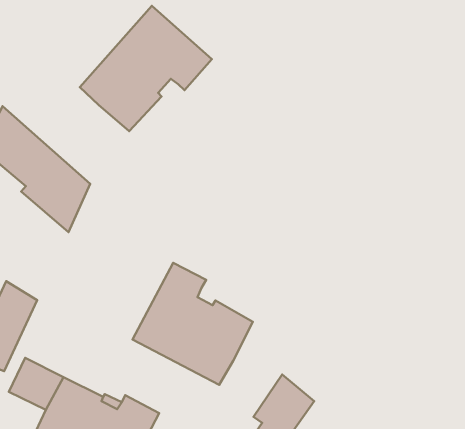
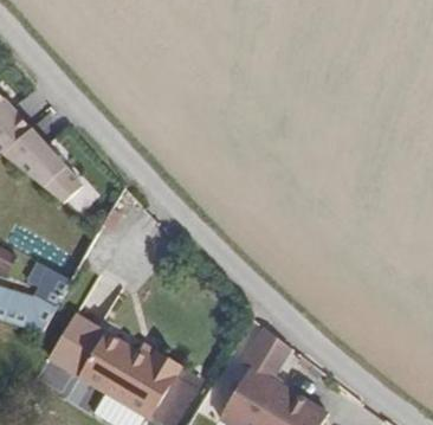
building: [80,6,212,131] -> none
building: [133,263,253,385] -> none

